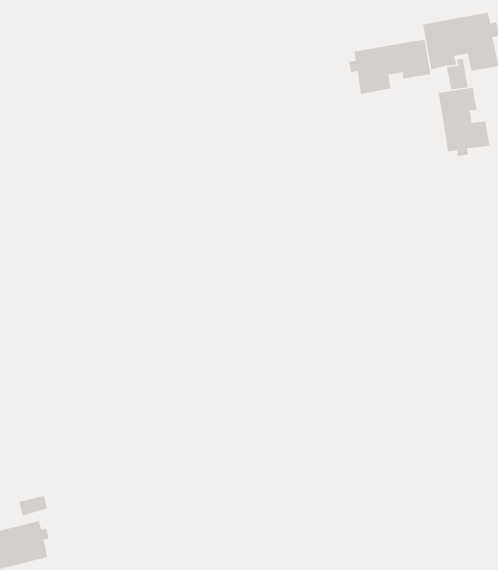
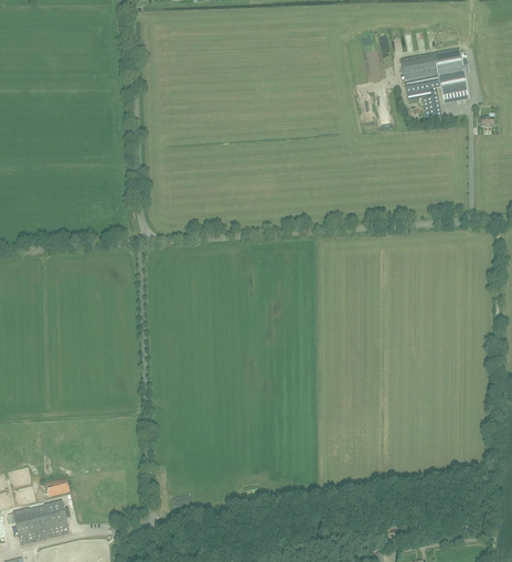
building: [348,39,431,95] -> none
building: [438,87,490,157] -> none

